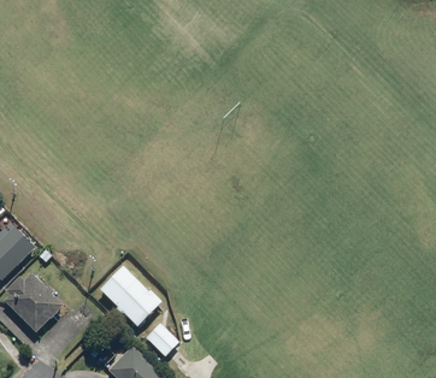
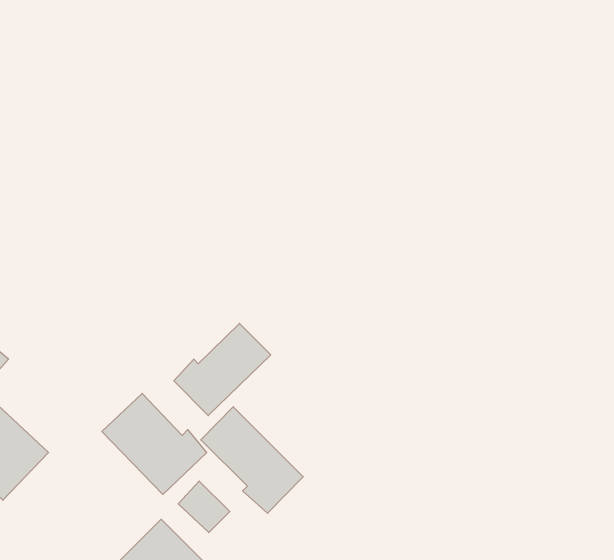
building: none -> [174,323,271,416]
building: none -> [201,407,303,513]

